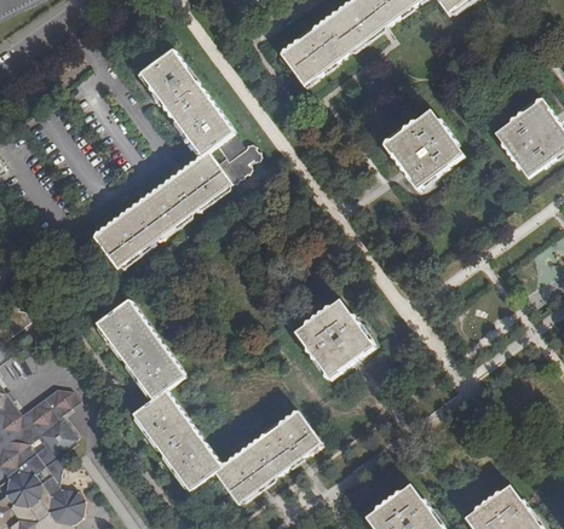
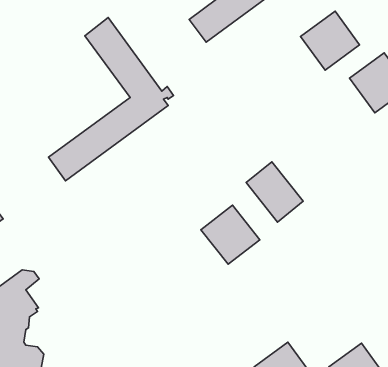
building: [385,111,464,190] -> [301,11,360,70]
building: none -> [246,162,303,222]
building: [94,300,321,504] -> none

